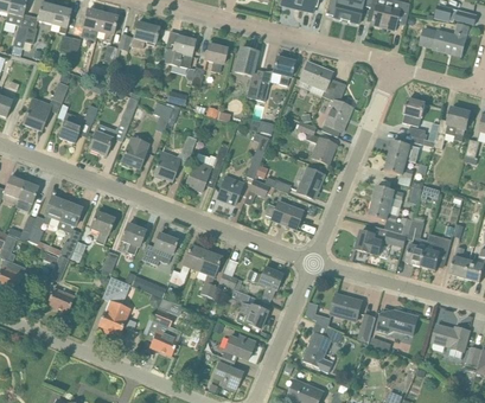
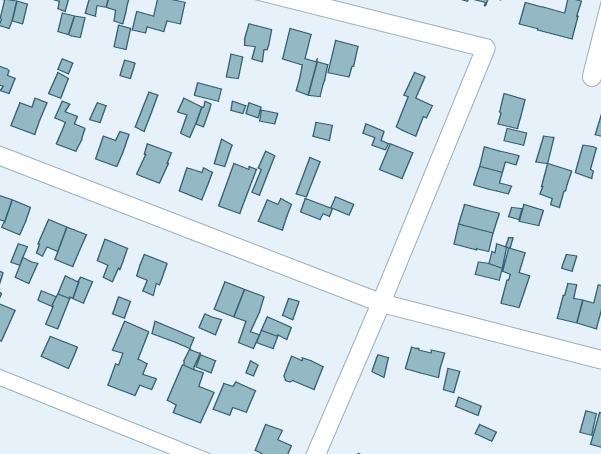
building: [161,34,194,66] -> none
building: [300,63,338,98] -> none
building: [446,105,471,140] -> [540,164,572,208]
building: [295,166,324,198] -> none
building: [264,200,302,228] -> none
building: [356,229,389,256] -> none
building: [142,232,178,262] -> none
building: [420,235,452,269] -> none
building: [250,267,282,298] -> none
building: [377,309,417,333] -> none
building: [432,322,470,351] -> none
building: [302,326,343,372] -> none
building: [222,334,255,360] -> [213,382,256,415]

